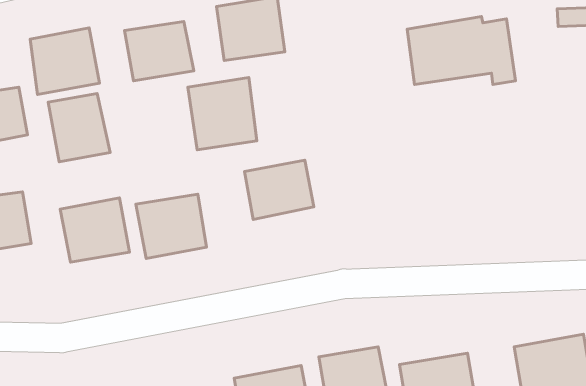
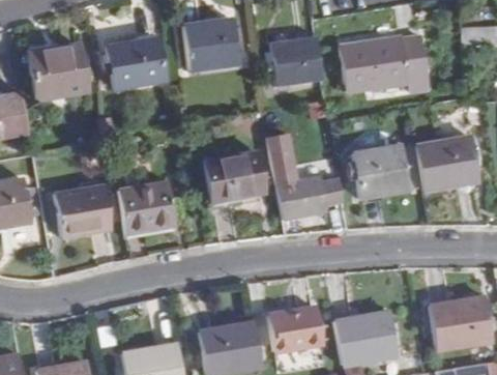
building: none -> [270,36,323,86]
building: [188,78,257,150] -> none
building: [48,94,110,162] -> none
building: none -> [266,135,344,220]
building: none -> [415,137,478,191]
building: none -> [352,146,409,197]

